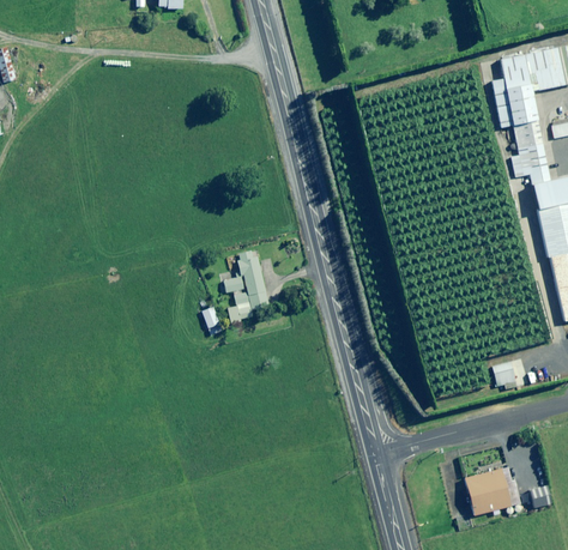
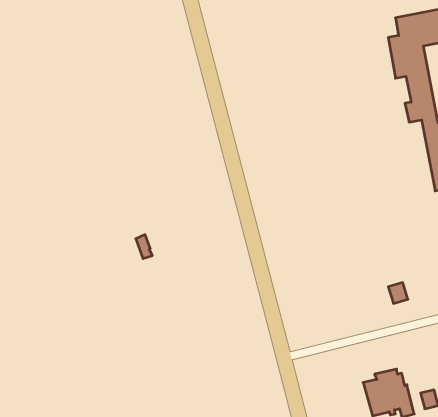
building: [224,250,268,319] -> none

